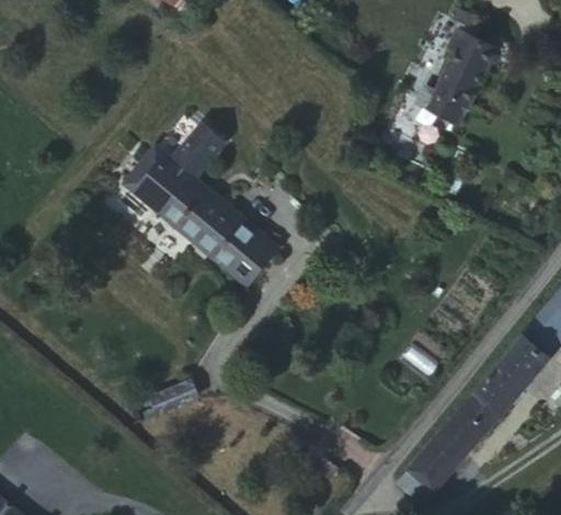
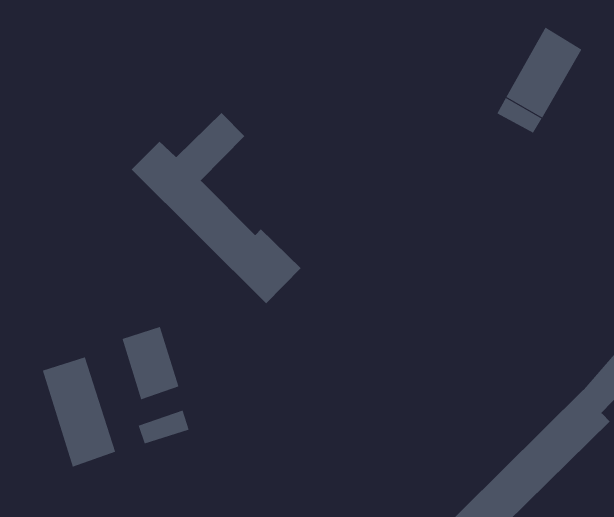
building: none -> [122,326,179,400]
building: none -> [42,356,116,468]

